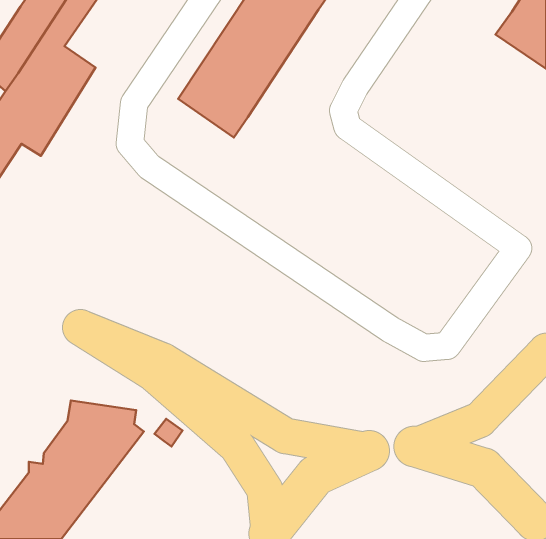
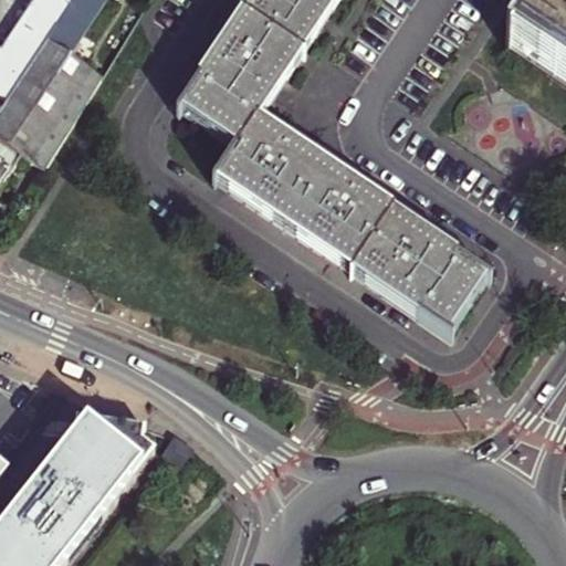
building: none -> [217,120,482,332]

